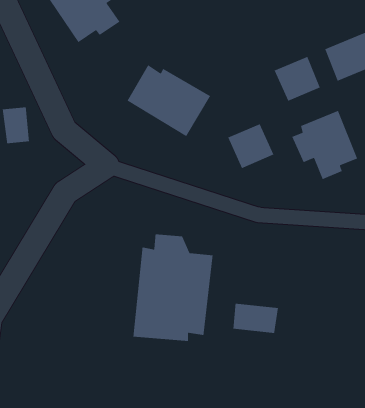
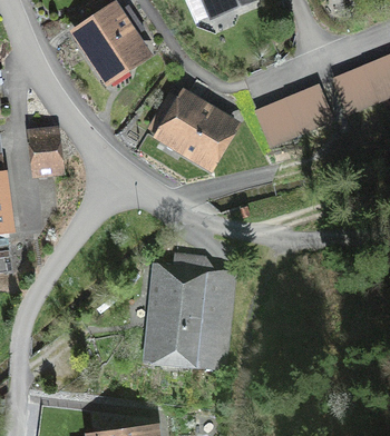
building: [291,110,358,180] -> none
building: [227,123,274,169] -> [257,100,302,143]
building: [232,303,279,334] -> none

